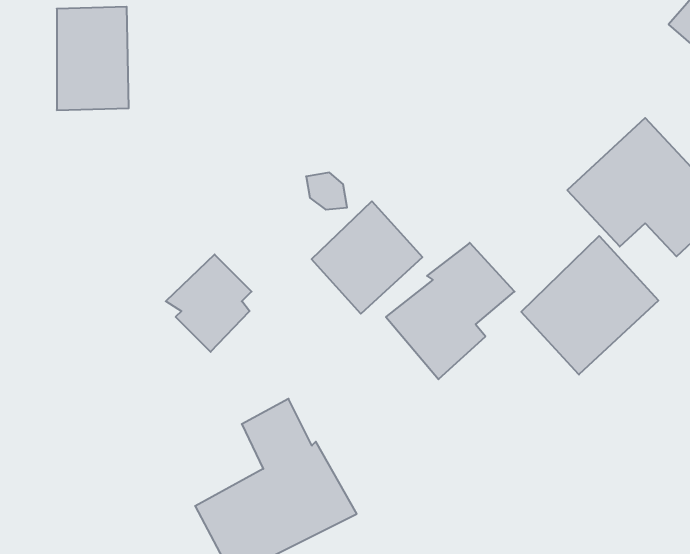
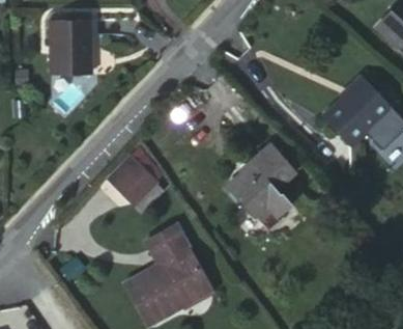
building: [312,201,422,314] -> none
building: [521,236,658,375] -> none

